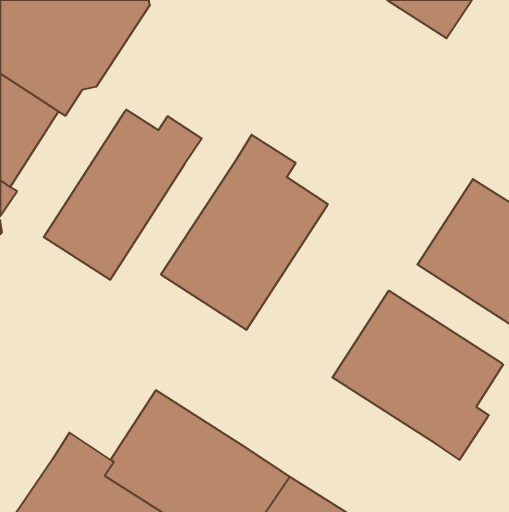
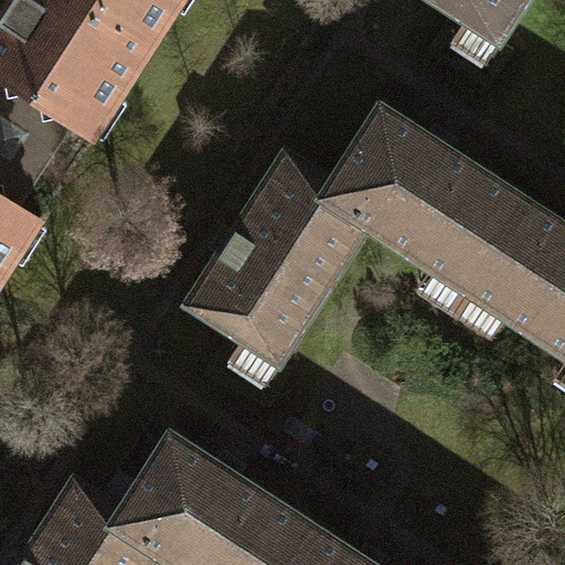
building: none -> [320,104,524,292]
building: [44,110,202,280] -> none
building: [332,291,503,460] -> none

